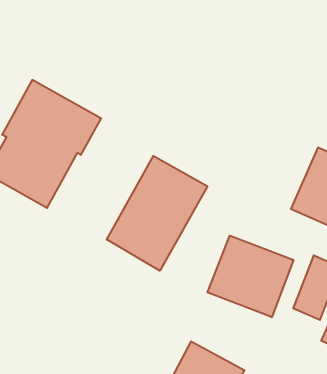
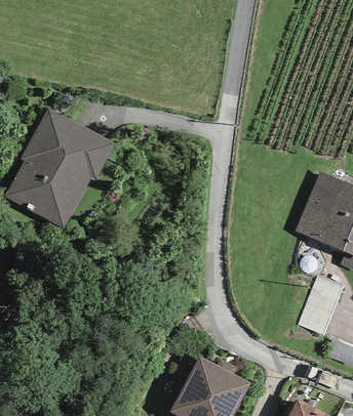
building: [107,156,207,271] -> none
building: [207,236,293,317] -> none

